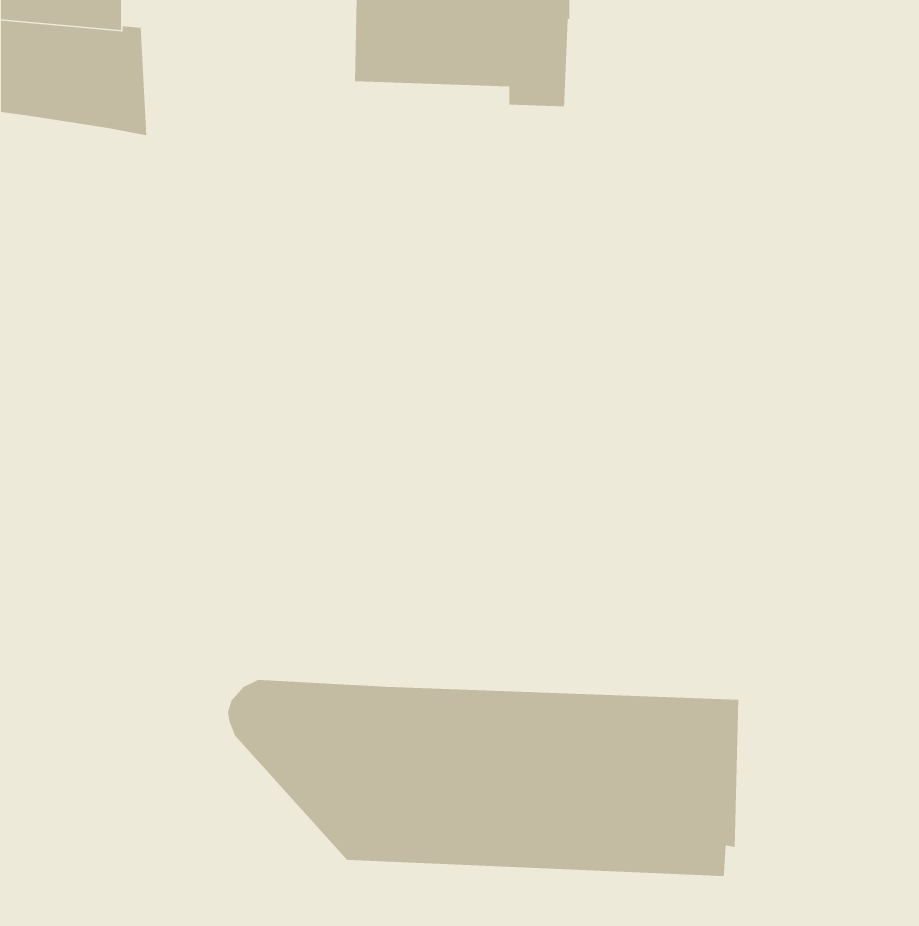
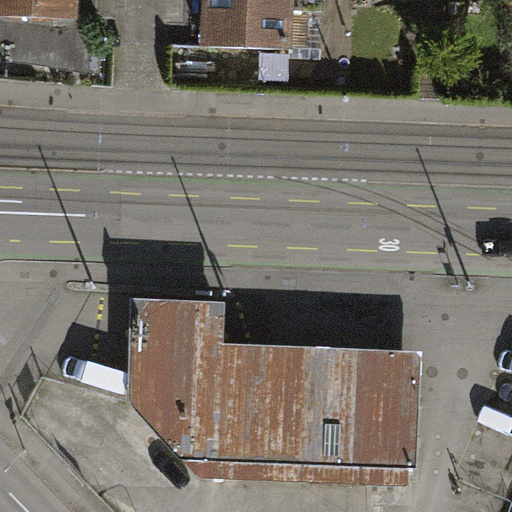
building: none -> [124,298,418,467]

